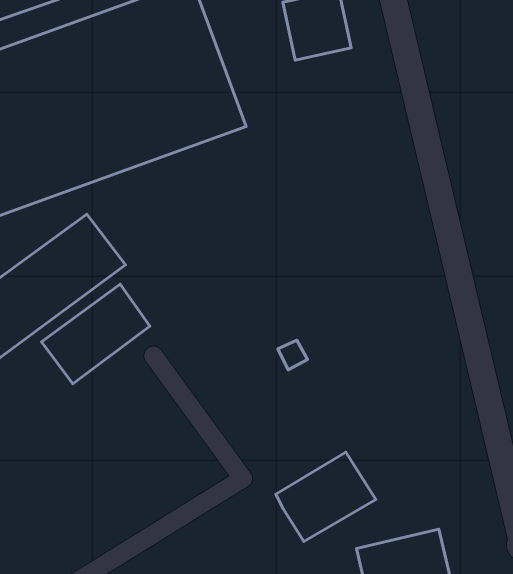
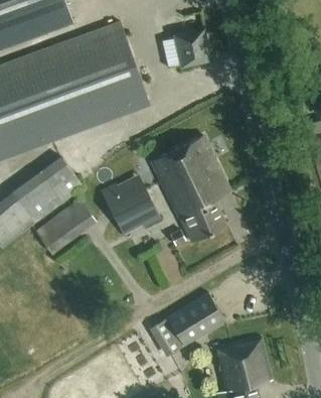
building: none -> [152,136,229,242]
building: none -> [101,173,162,234]
building: none -> [149,317,181,356]

